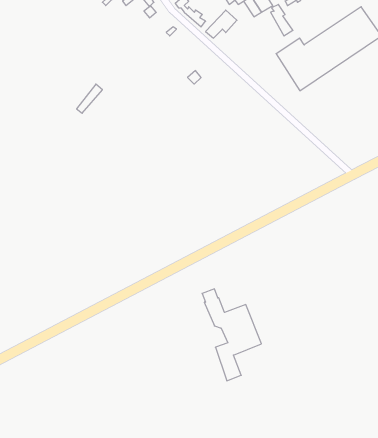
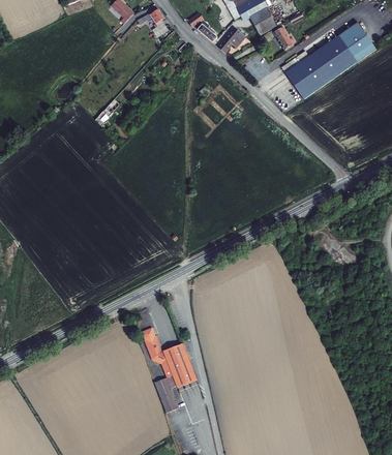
building: [202,289,261,381] -> [143,327,198,412]

